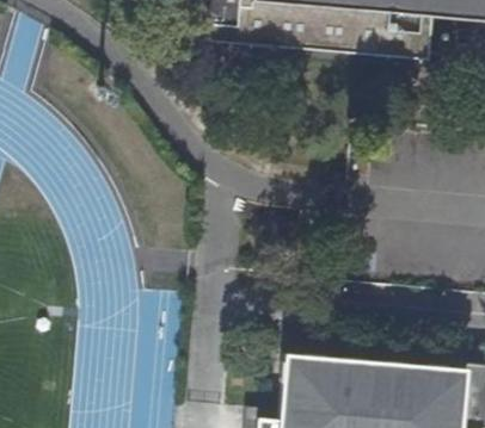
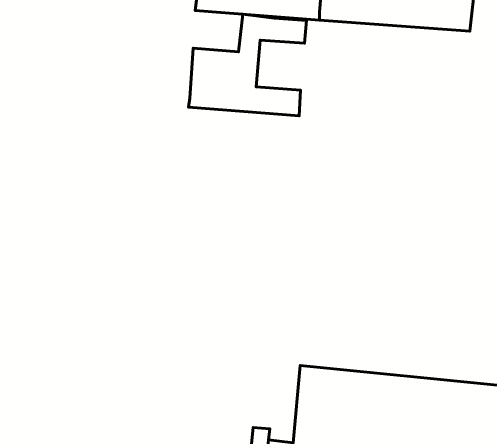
building: none -> [188,14,307,116]

